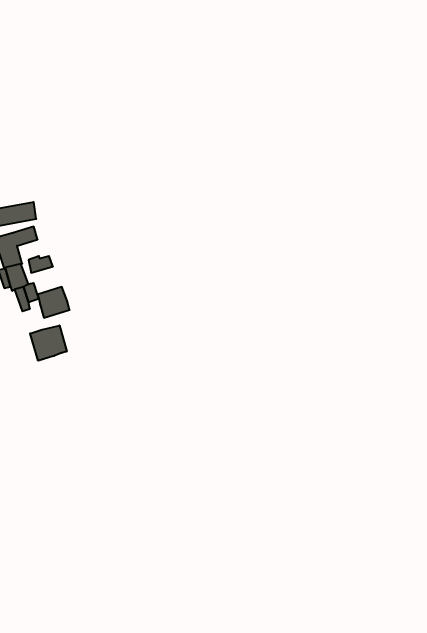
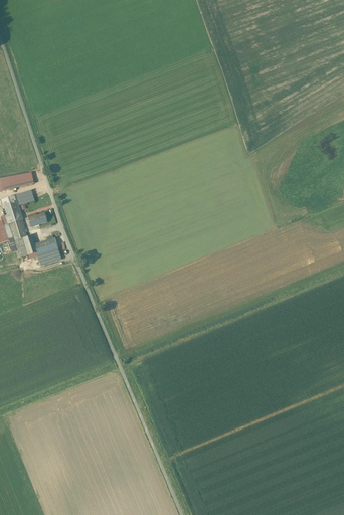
building: [30,325,67,361] -> none

